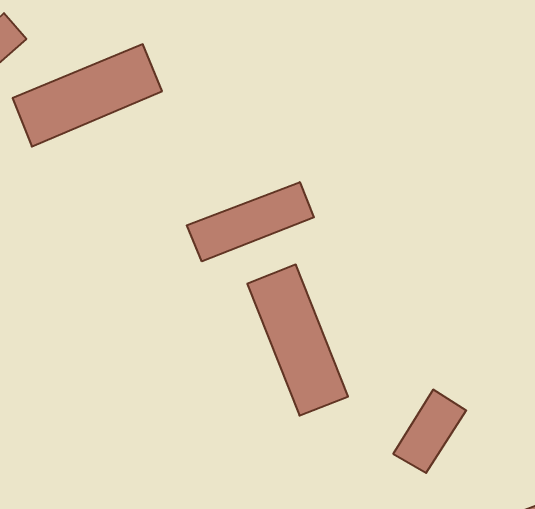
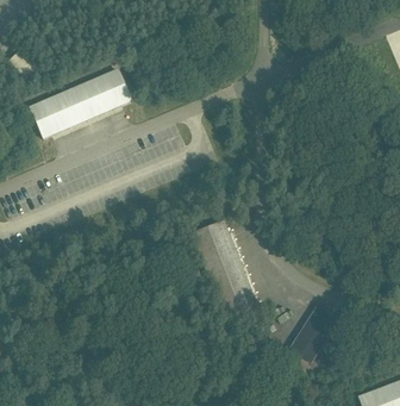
building: [187,182,314,261] -> none

